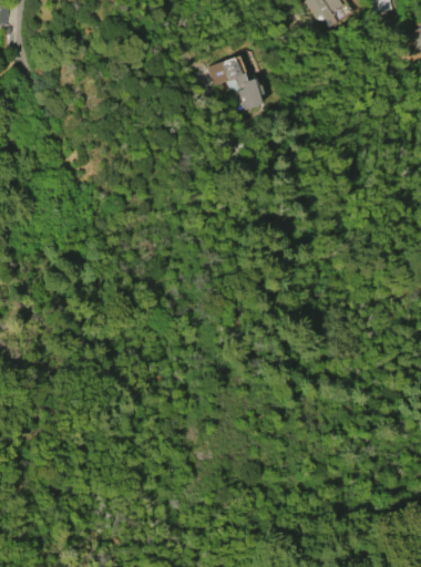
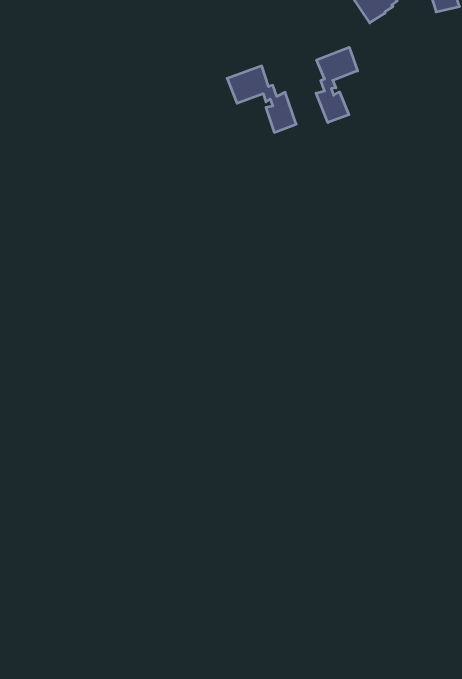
building: none -> [316,47,358,123]

